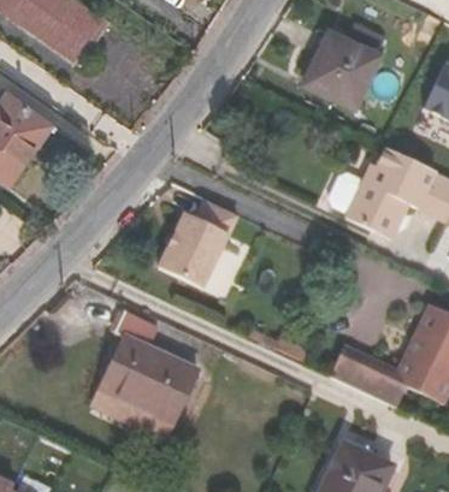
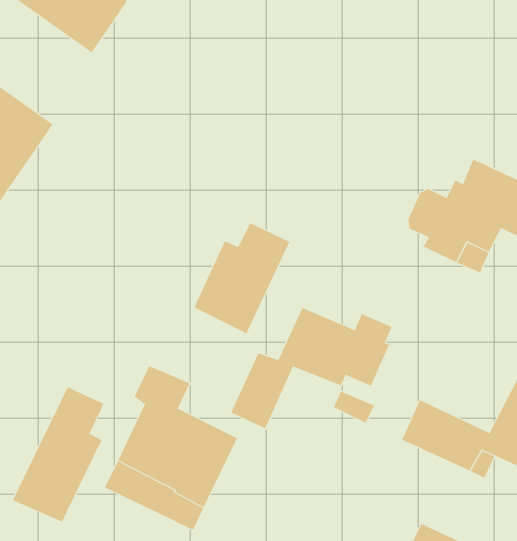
building: [302,34,378,109] -> none
building: none -> [230,307,392,429]
building: none -> [12,386,104,522]

